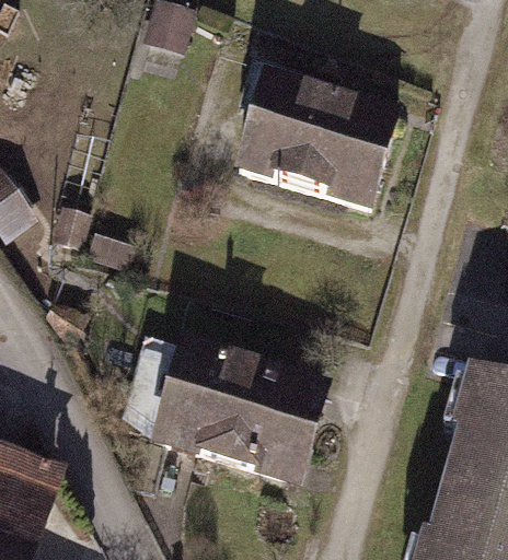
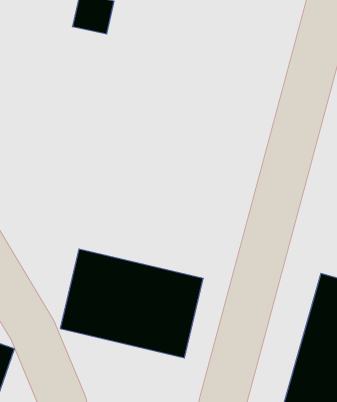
building: [220,75,381,206] -> none

